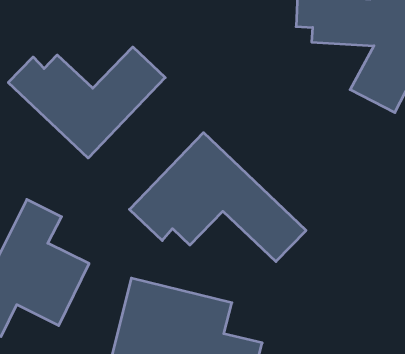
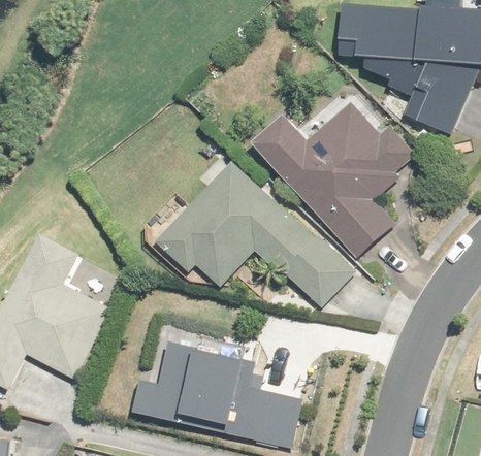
building: [8,47,165,158] -> none
building: none -> [252,104,413,258]

